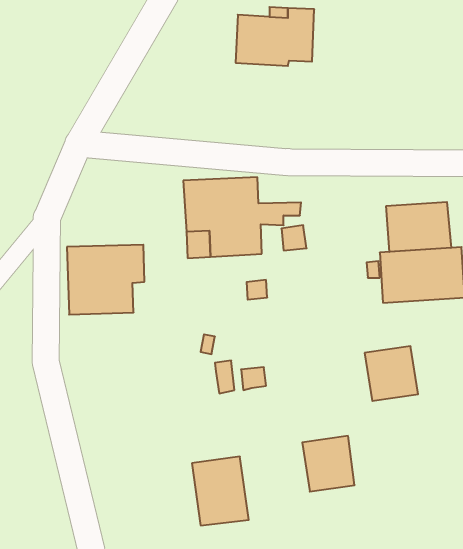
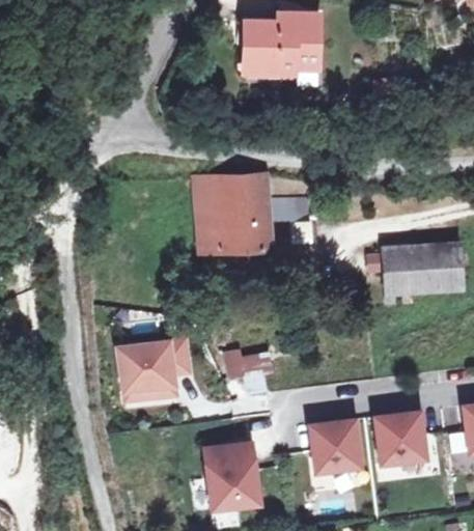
building: [386,202,451,252] -> none
building: [67,245,144,315] -> [116,341,190,408]
building: [365,346,418,401] -> [373,413,424,465]

